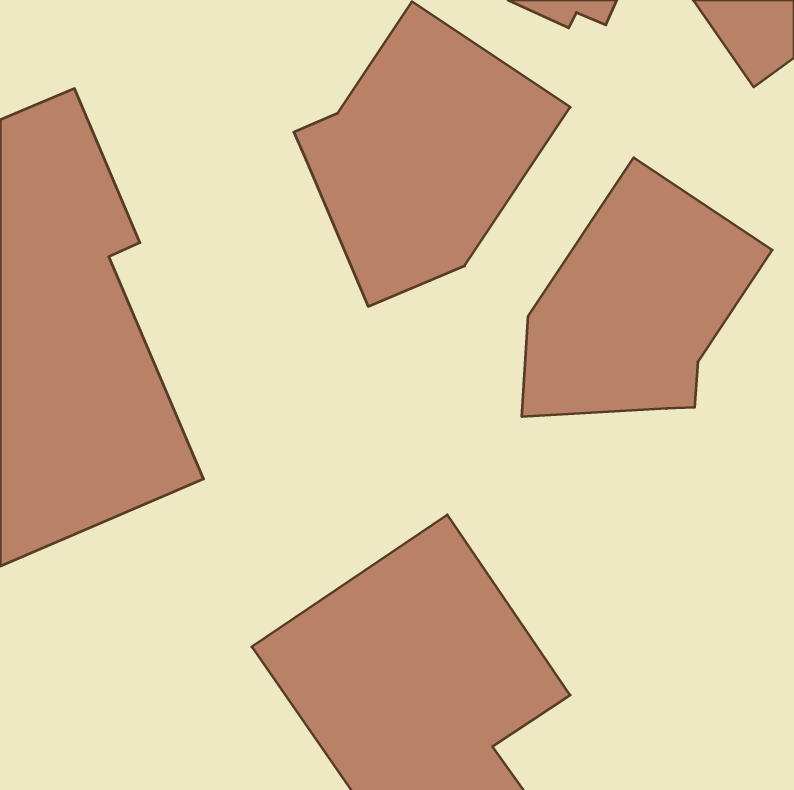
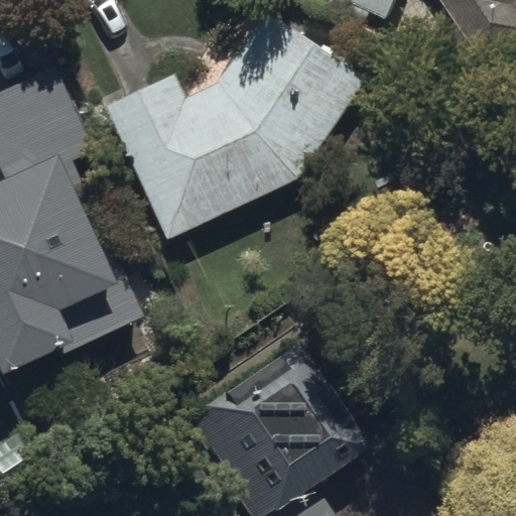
building: none -> [93,87,236,259]
building: [522,158,772,417] -> none

